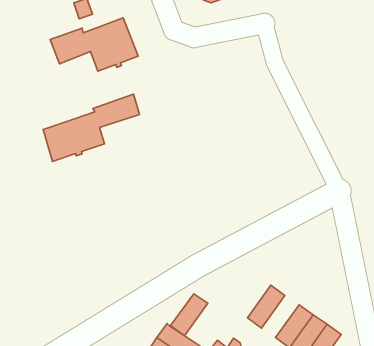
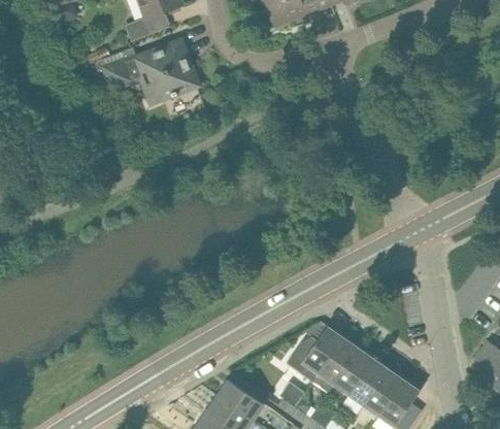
building: [43,94,140,161] -> none
building: [171,294,208,336] -> [301,327,342,373]
building: none -> [332,349,373,395]

